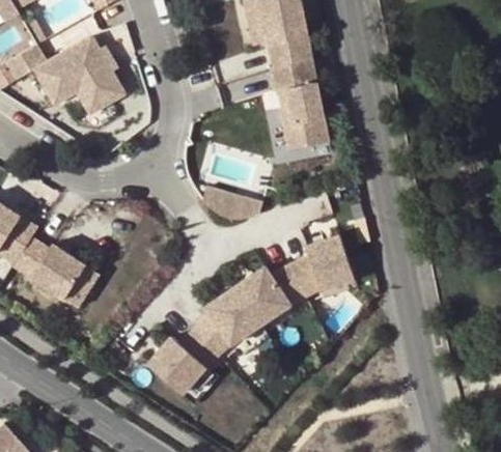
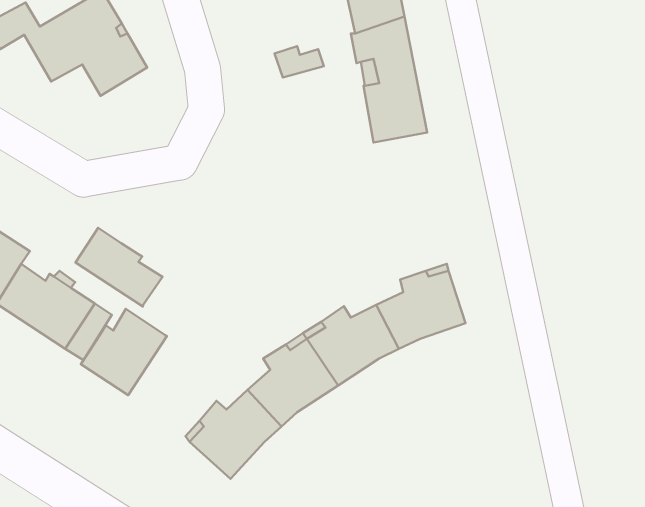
building: none -> [76,228,163,306]
building: none -> [81,309,167,395]

